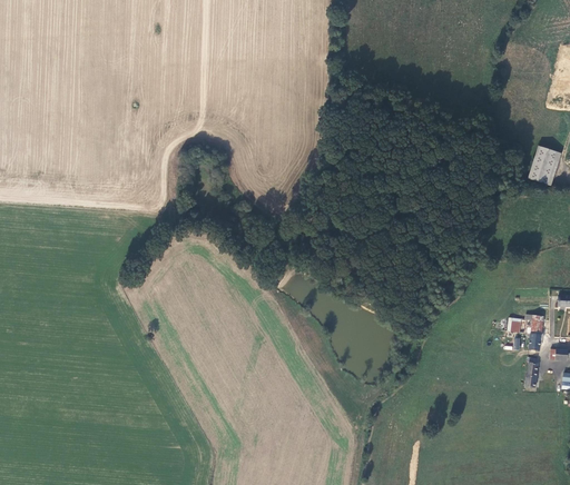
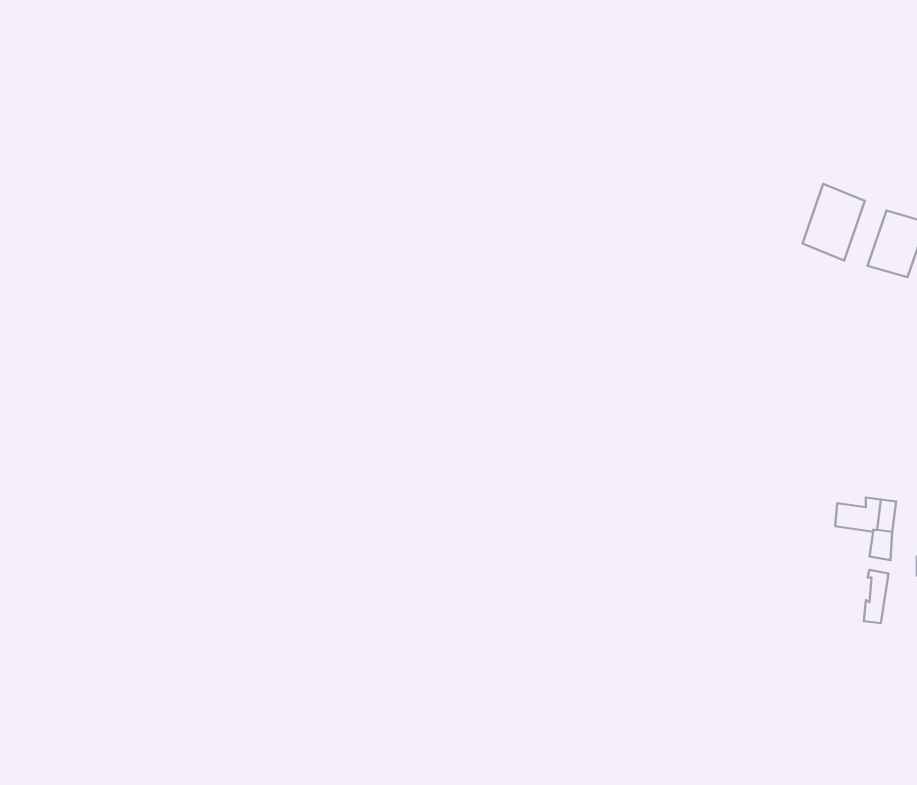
building: none -> [803,184,865,260]

